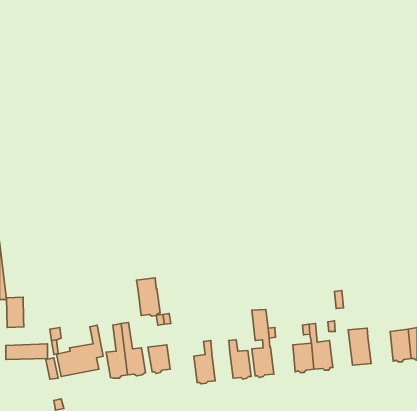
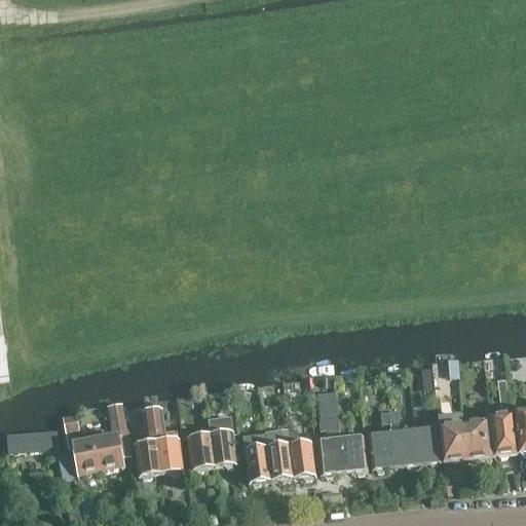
building: [136,278,160,316] -> [208,416,237,464]
building: [7,297,24,328] -> none
building: none -> [462,420,490,457]
building: none -> [414,424,442,462]
building: none -> [265,431,293,478]
building: none -> [340,433,368,471]

